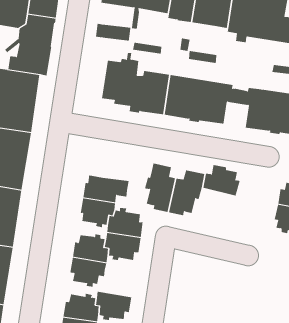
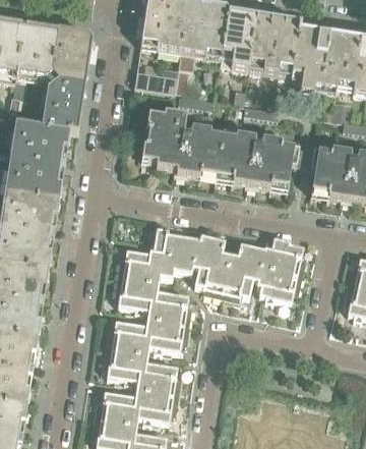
building: none -> [143,222,203,269]
building: none -> [256,263,301,299]
building: none -> [136,357,180,393]

